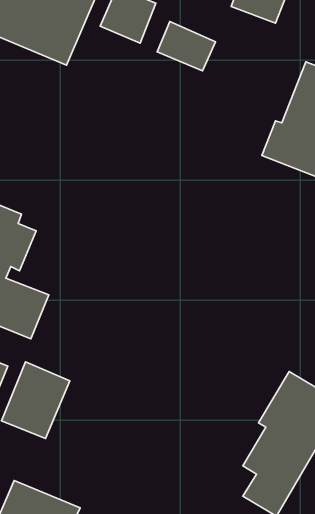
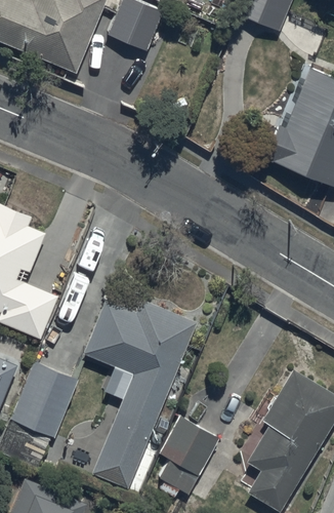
building: [157,22,216,71] -> none
building: none -> [83,300,197,487]
building: none -> [159,416,219,495]

